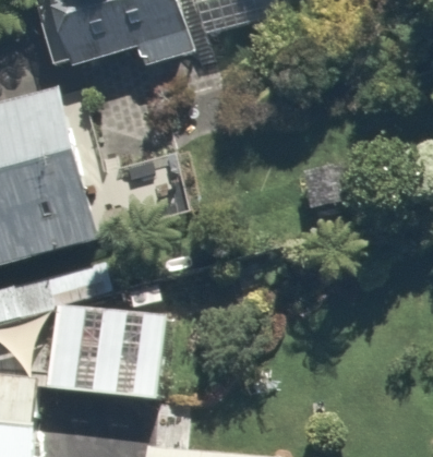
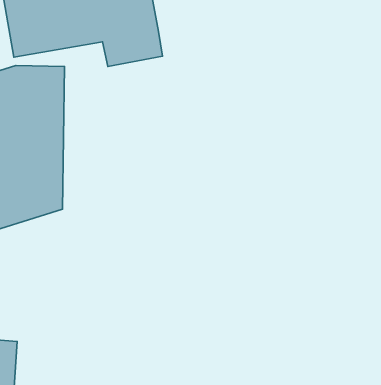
building: [47,305,163,401] -> none

